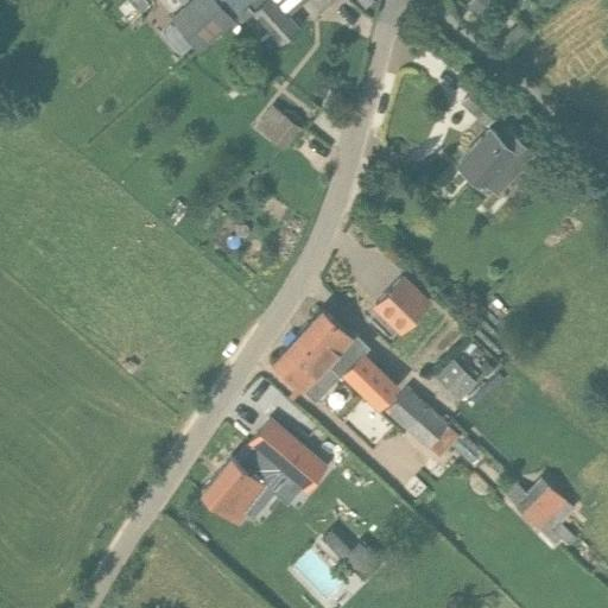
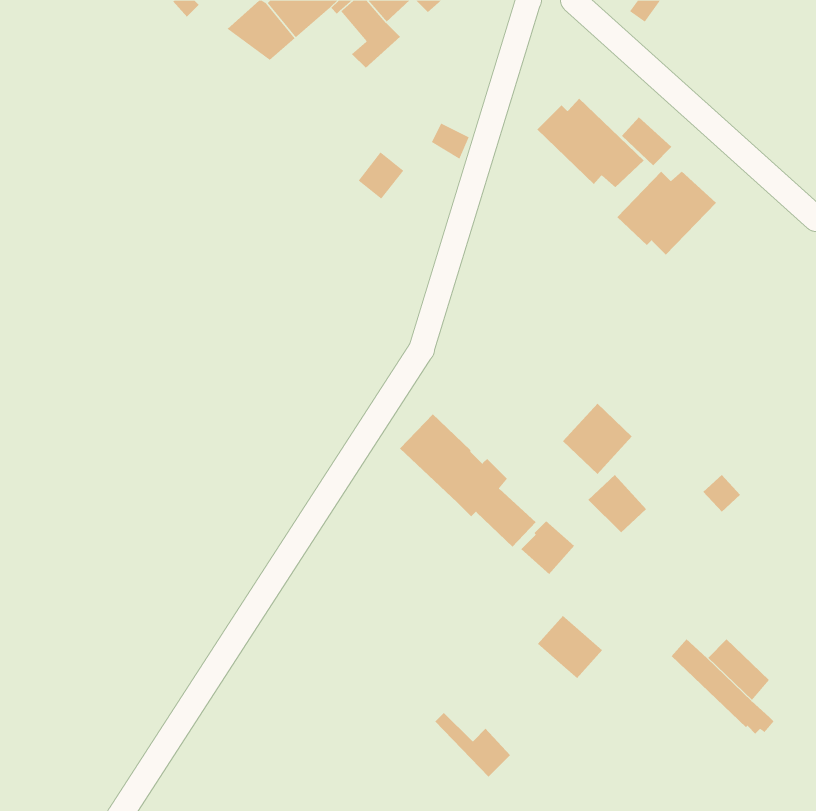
building: none -> [537,98,644,188]
building: [375,278,428,331] -> [562,403,633,475]
building: [272,337,340,404] -> none
building: [408,410,457,457] -> [537,615,603,679]
building: [202,422,323,521] -> none

